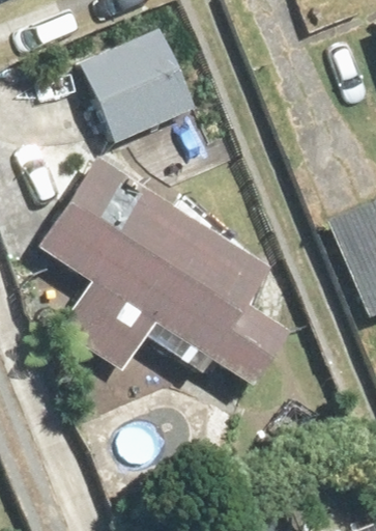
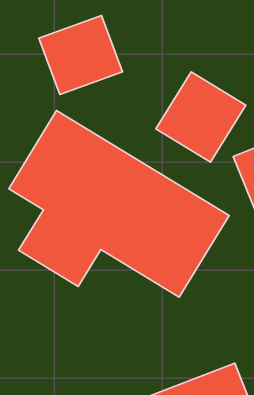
building: none -> [156,72,246,162]

